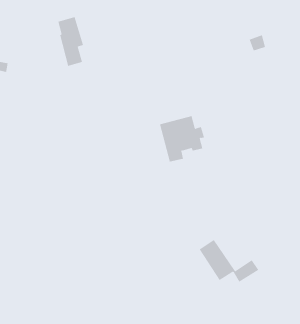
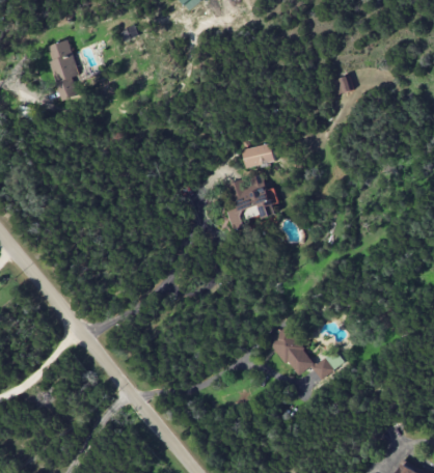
building: [57,16,84,66] -> [47,39,79,101]
building: none -> [241,144,273,167]

